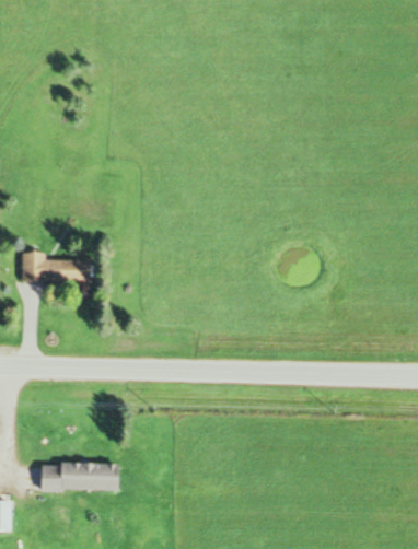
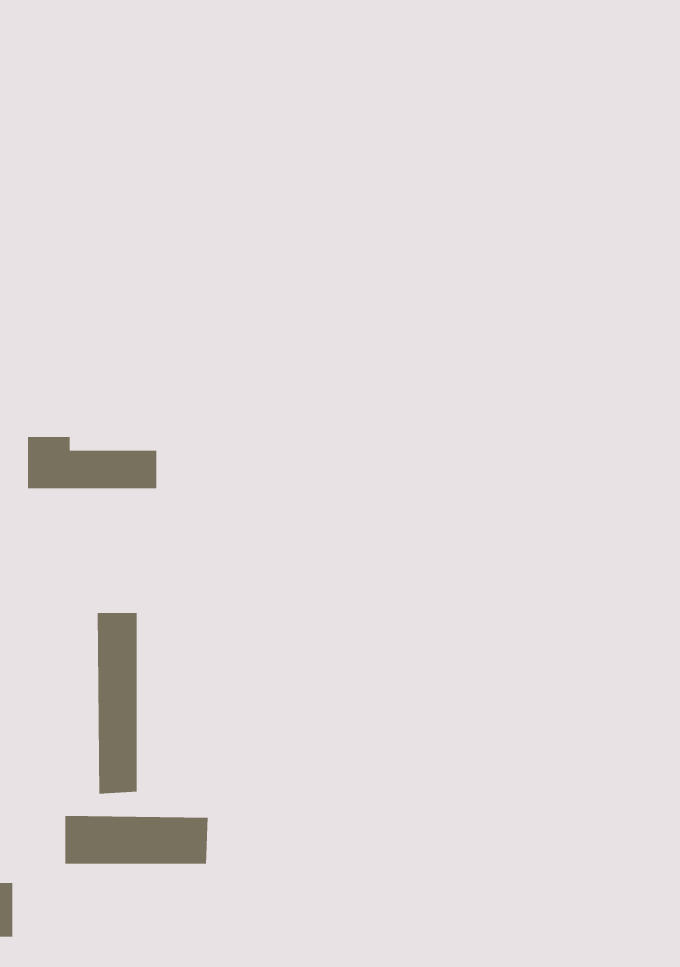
building: none -> [97,612,138,794]

